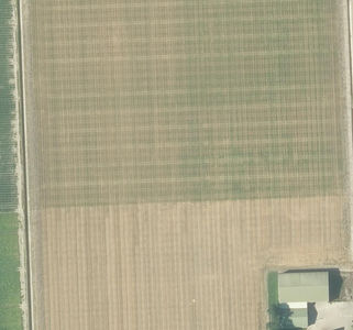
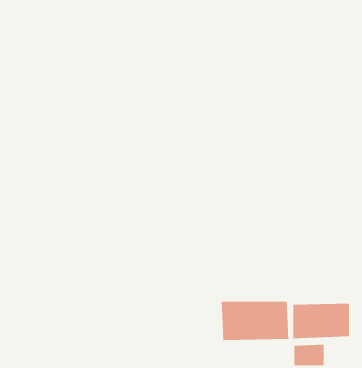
building: none -> [221,301,289,341]

